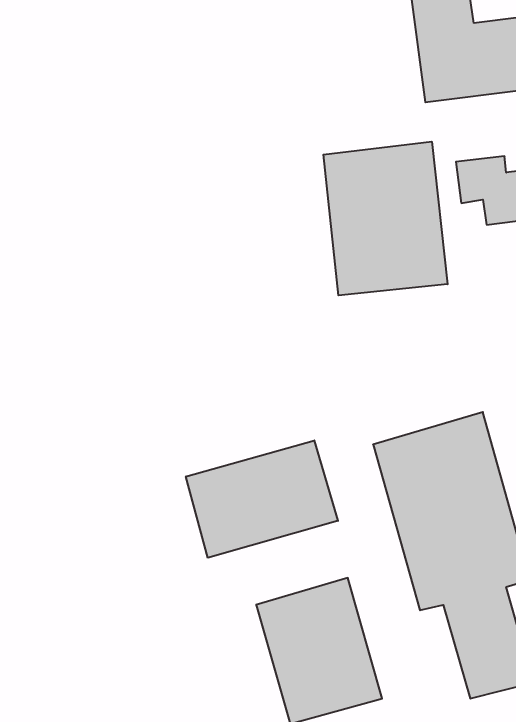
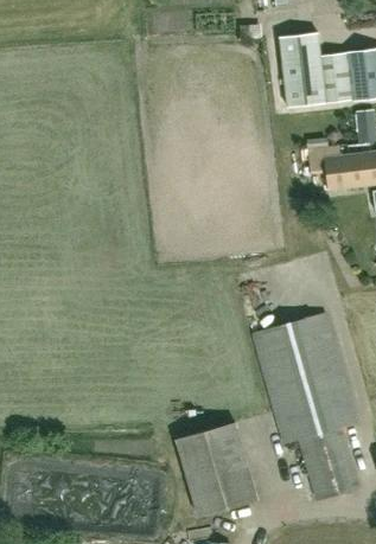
building: [323,142,448,295] -> none
building: [186,440,338,558] -> none

